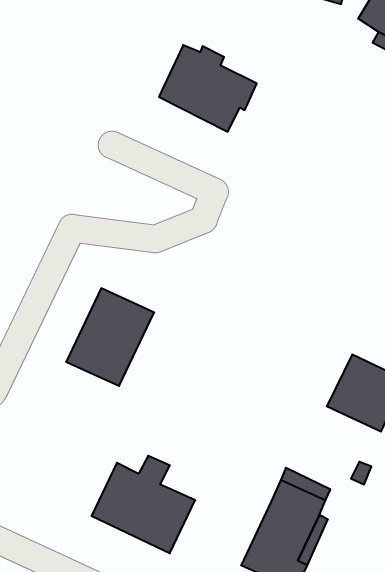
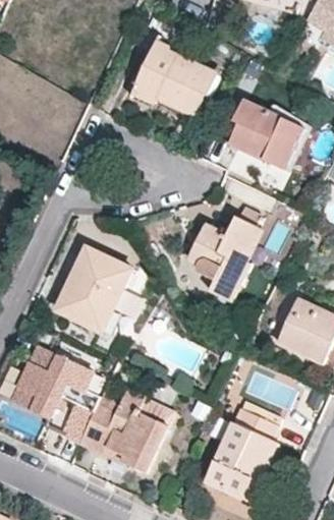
building: none -> [229,100,302,169]
building: none -> [188,216,266,302]
building: none -> [13,346,101,440]

